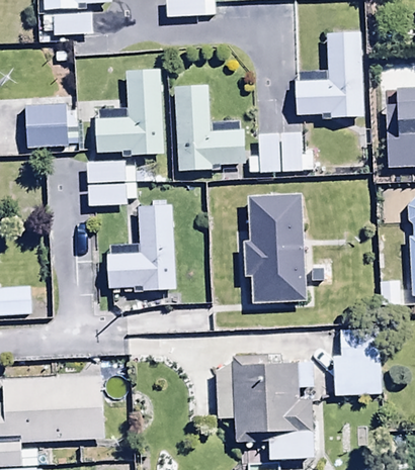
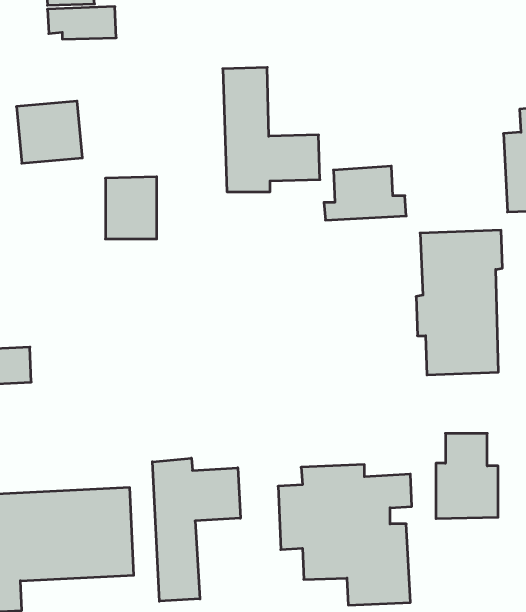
building: [298,32,363,120] -> none
building: [94,51,161,138] -> none
building: [105,187,172,274] -> none
building: [244,198,309,306] -> [416,230,502,375]
building: none -> [152,458,240,601]

